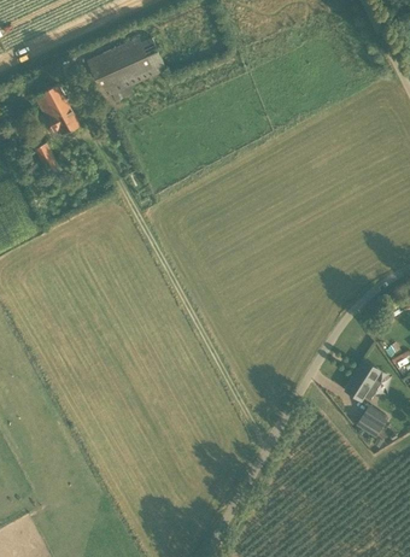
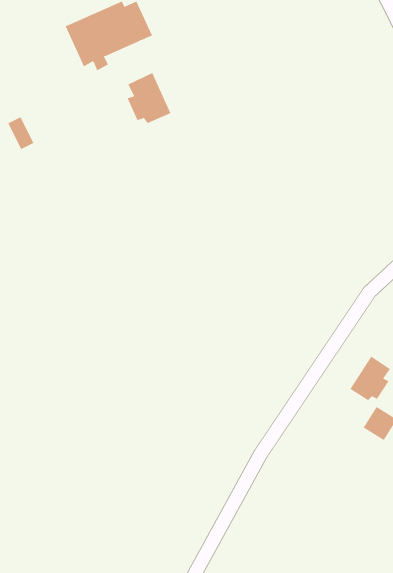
building: [35,83,81,137] -> none
building: none -> [127,72,171,124]

